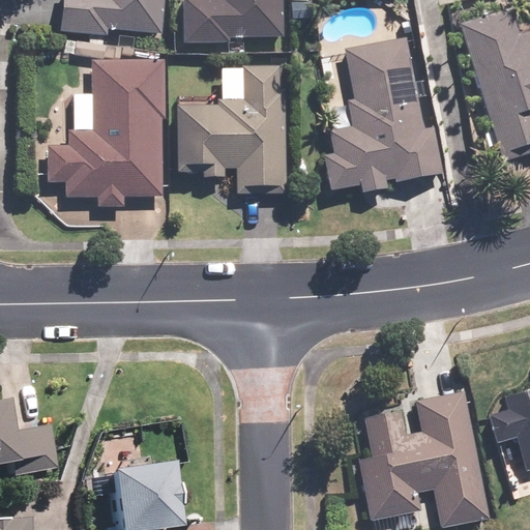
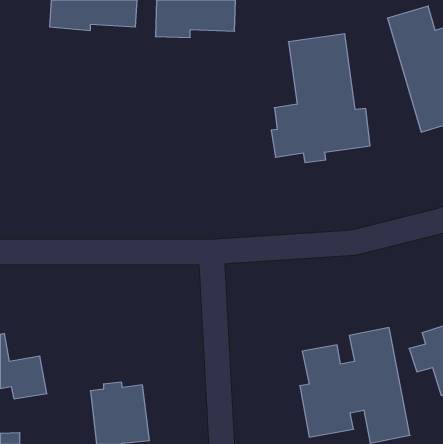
building: [48,60,165,207] -> none
building: [176,65,289,196] -> none

